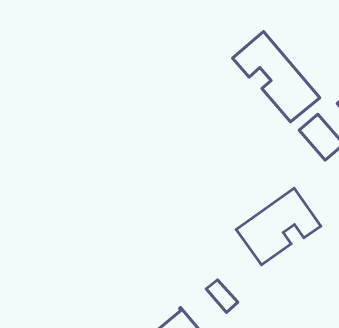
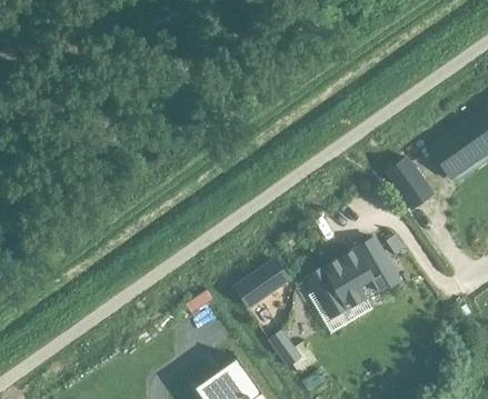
building: [232,31,320,122] -> none
building: none -> [236,259,289,307]

